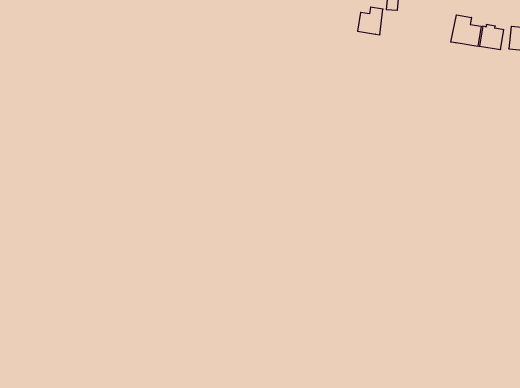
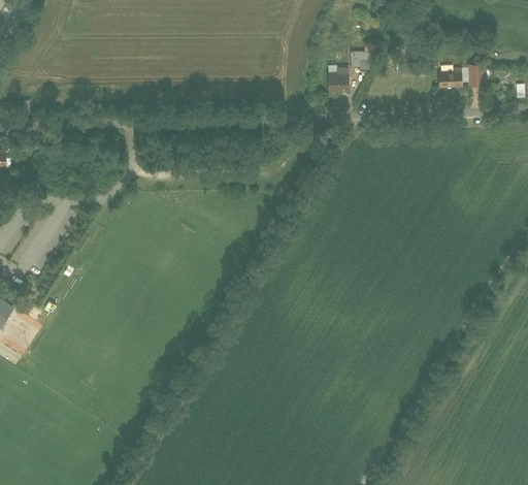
building: [451,15,481,46] -> none

